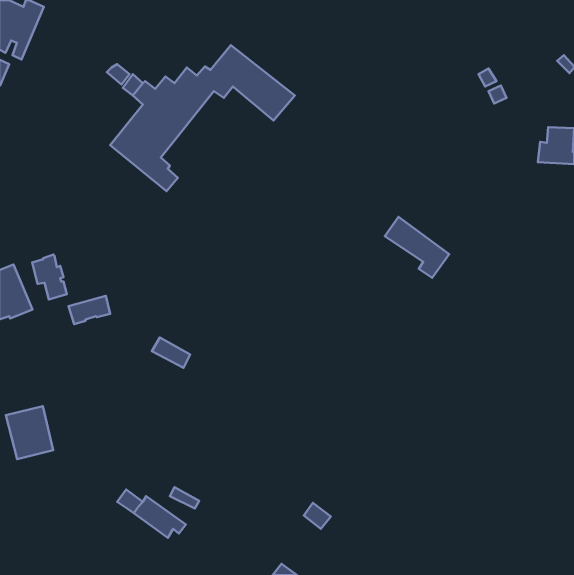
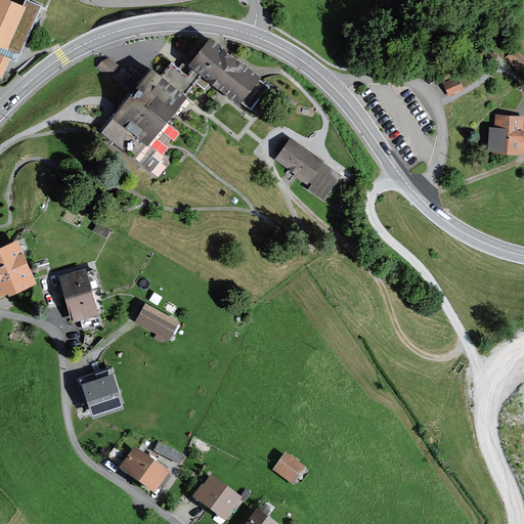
building: [385,217,449,278] -> [278,141,337,196]
building: [32,255,67,300] -> [68,288,99,329]
building: [6,406,53,459] -> [79,366,122,414]
building: none -> [191,481,235,515]

